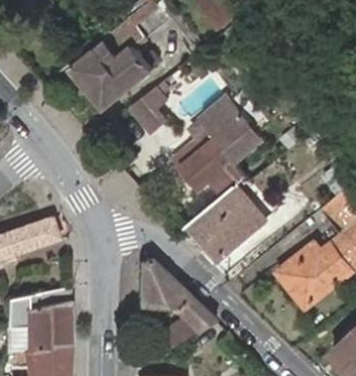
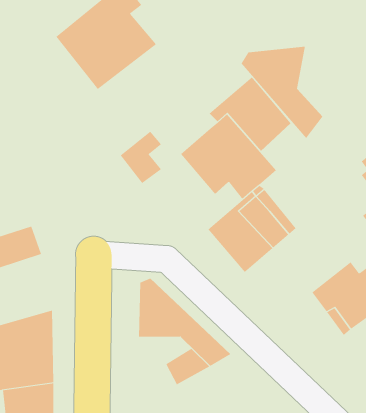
building: none -> [241,46,323,139]
building: [131,90,165,133] -> [120,131,162,184]

